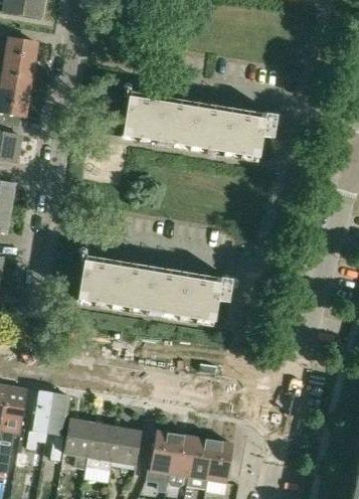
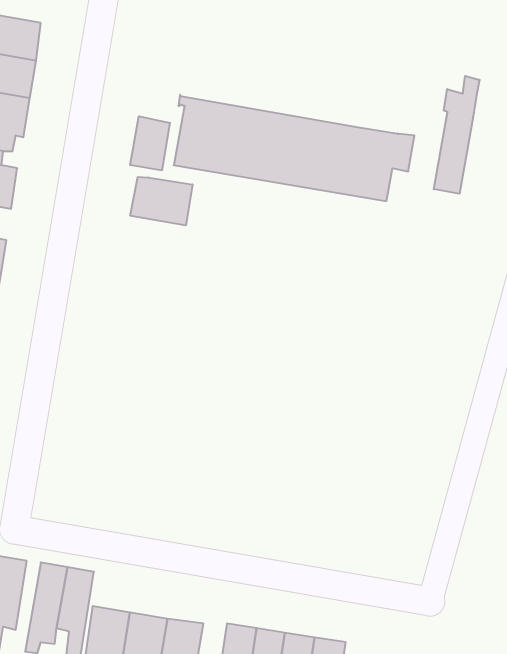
building: none -> [434,76,480,194]
building: none -> [130,116,170,170]
building: none -> [130,177,193,225]
building: [77,254,231,321] -> none

